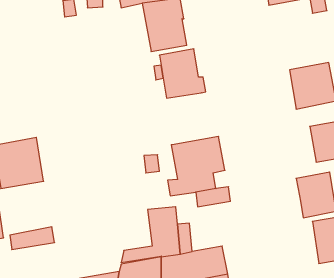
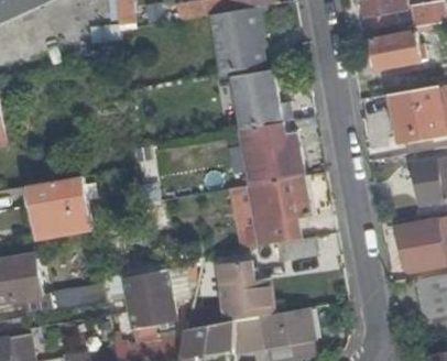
building: none -> [372,33,421,69]
building: none -> [237,122,303,185]
building: none -> [121,270,170,329]

